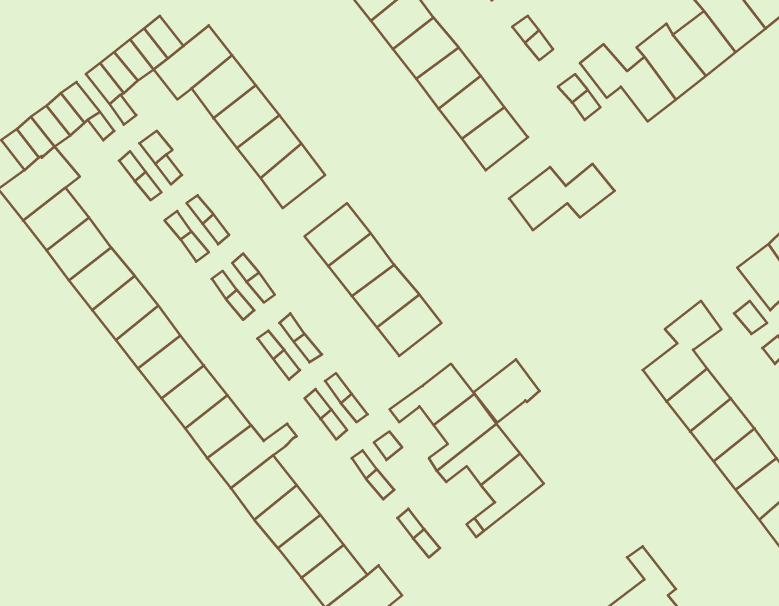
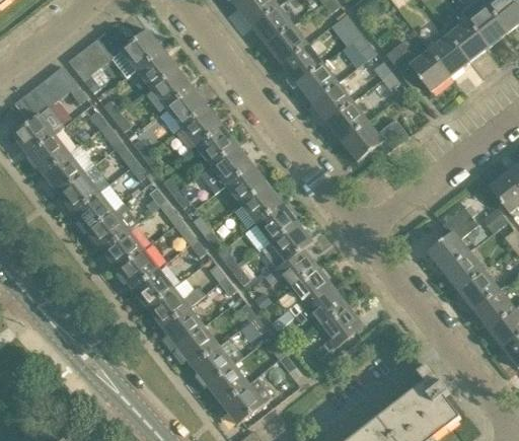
building: none -> [325,101,367,141]
building: none -> [195,126,236,165]
building: [474,359,540,422] -> [270,221,312,262]

